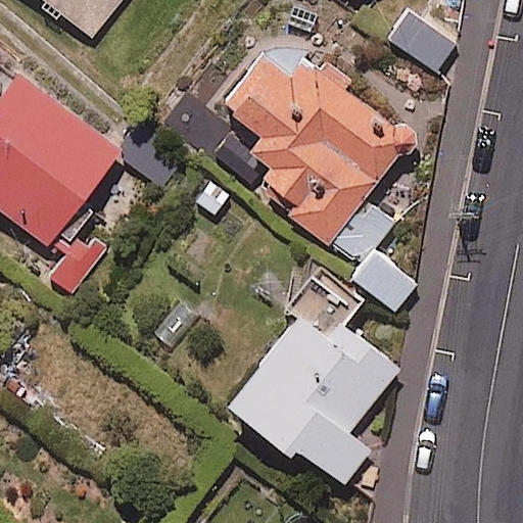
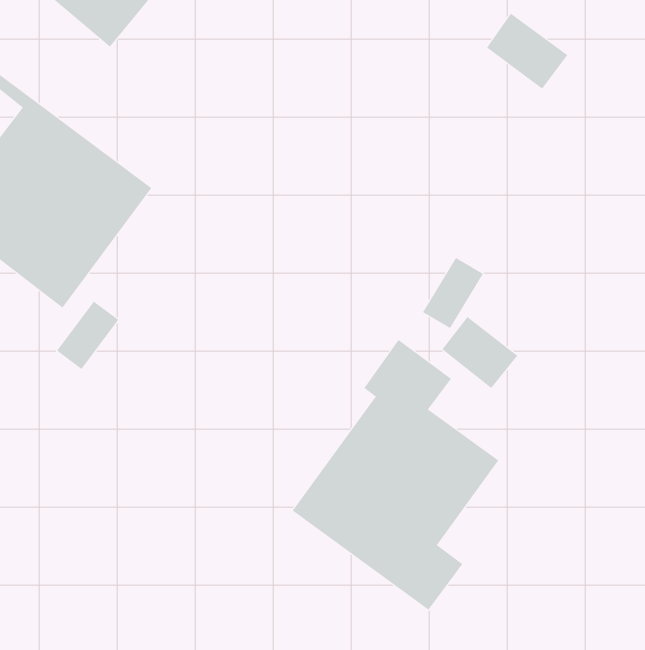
building: [223,53,407,240] -> none

